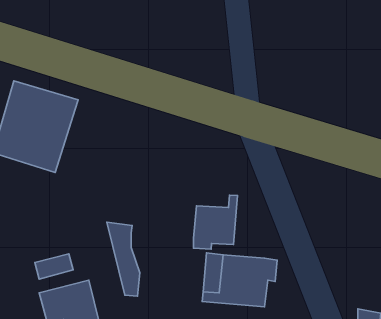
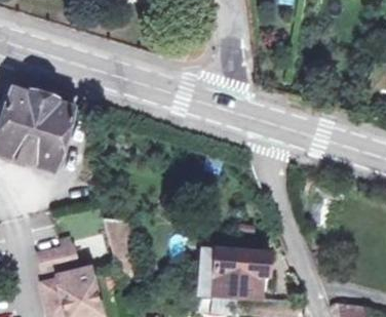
building: [193,195,238,249] -> none

